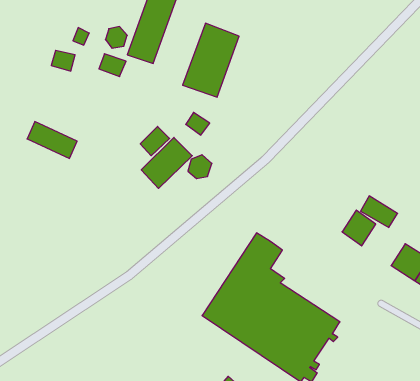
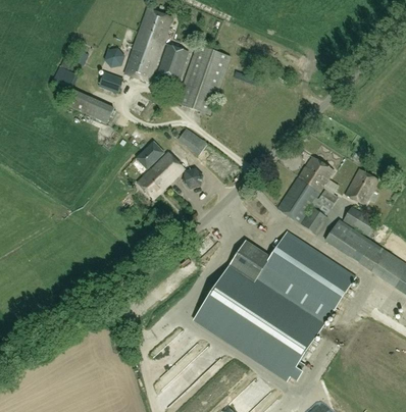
building: none -> [157,44,188,79]
building: [27,122,77,158] -> [66,88,113,122]
building: none -> [277,155,338,233]
building: none -> [345,169,377,204]
building: none -> [258,231,355,320]
building: none -> [344,233,385,271]

